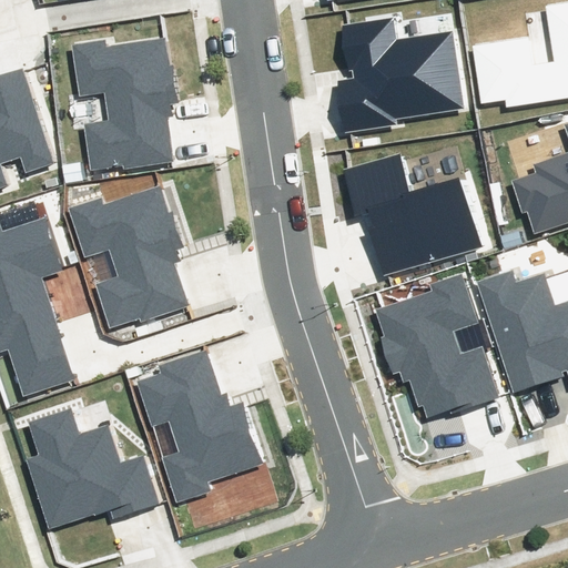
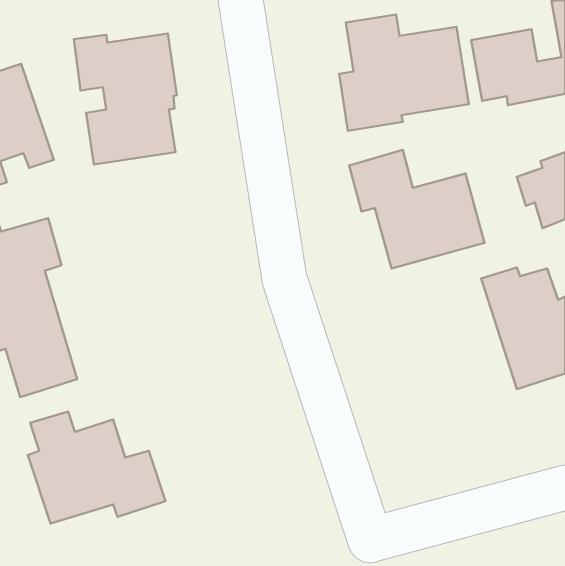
building: [69,187,186,328] -> none
building: [377,273,504,415] -> none
building: [140,356,263,503] -> none

